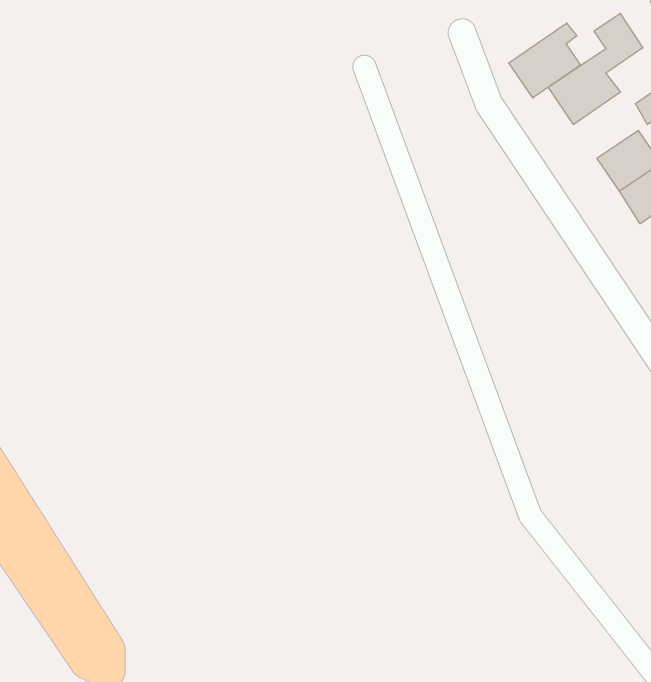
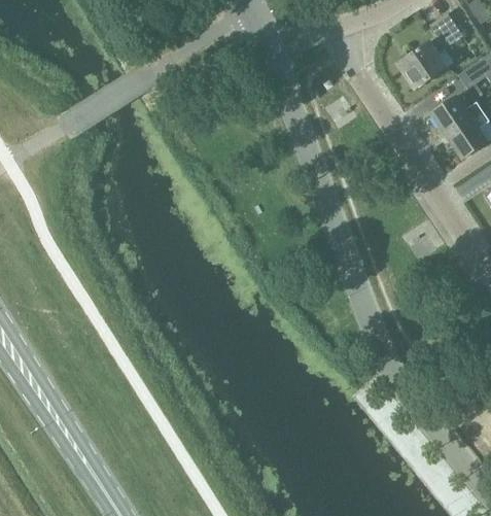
building: [509,23,580,98] -> none

